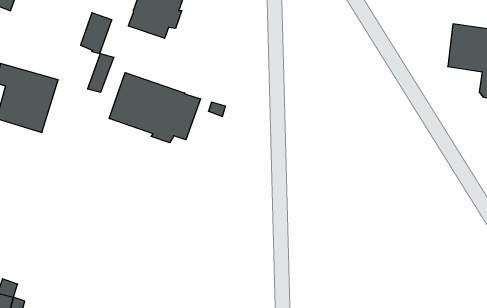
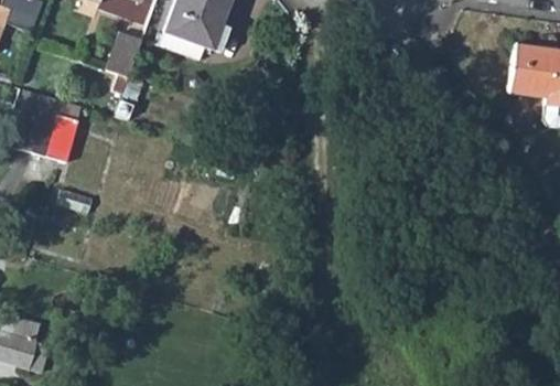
building: [109,73,201,143] -> none

